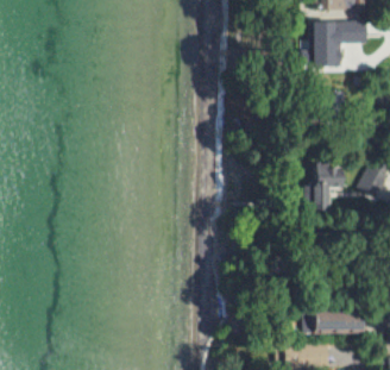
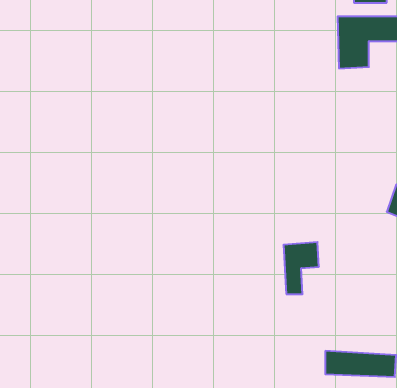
building: [313,164,344,209] -> [283,242,319,294]

